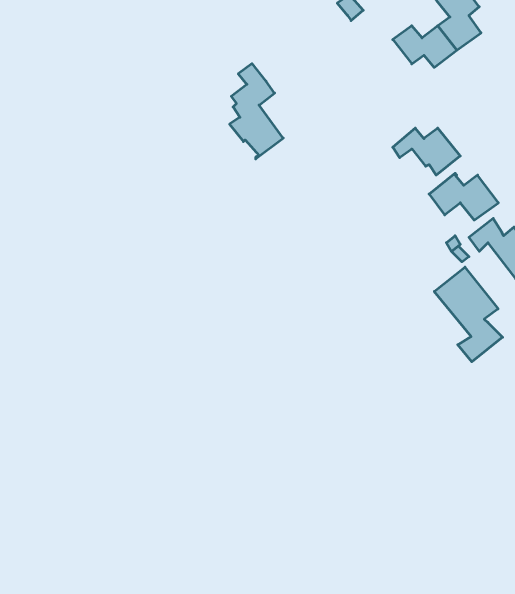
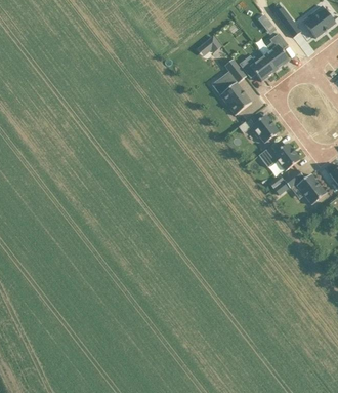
building: [230,64,283,159] -> [220,60,252,116]
building: [434,267,503,362] -> none

